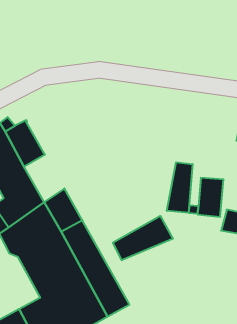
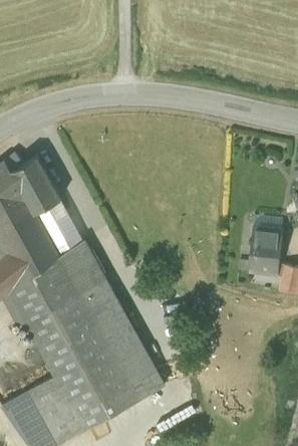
building: none -> [34,200,84,259]
building: [167,162,193,213] -> none
building: [113,216,173,260] -> none

